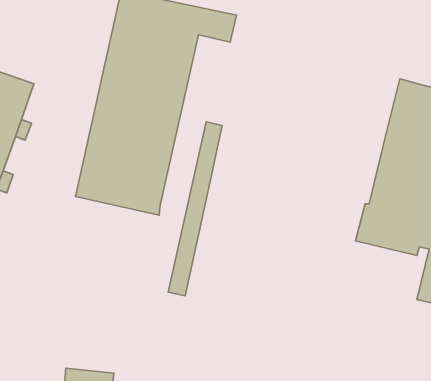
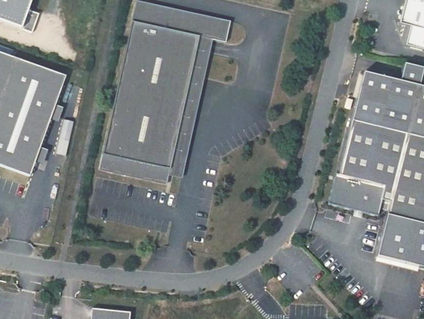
building: [168,122,222,296] -> [168,36,212,178]

